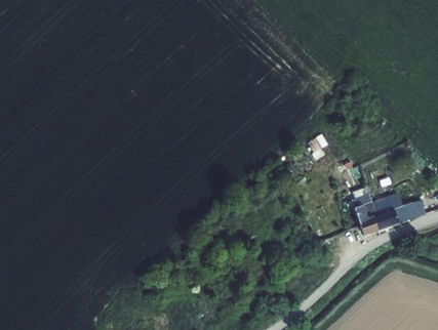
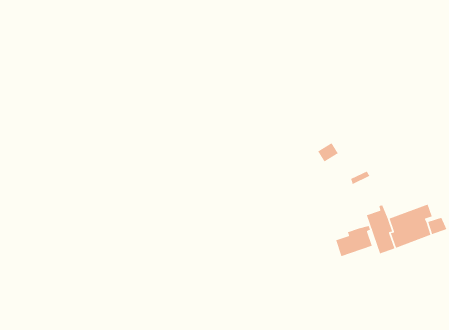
building: none -> [335,225,373,257]

